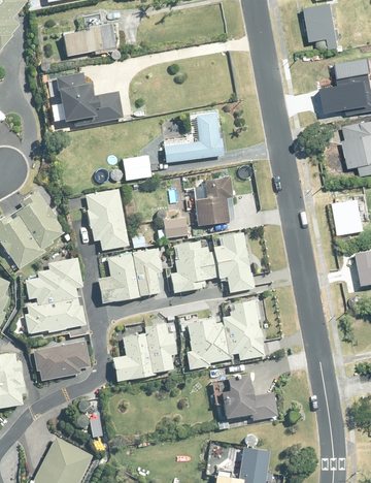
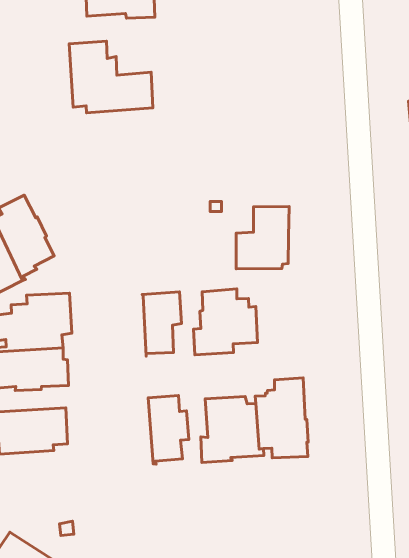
building: [164,112,225,163] -> none
building: [122,154,151,180] -> none
building: [85,189,129,251] -> none
building: [163,217,188,237] -> none
building: [213,231,255,293] -> none
building: [98,254,139,303] -> none
building: [112,333,154,382] -> none
building: [223,376,278,420] -> none

